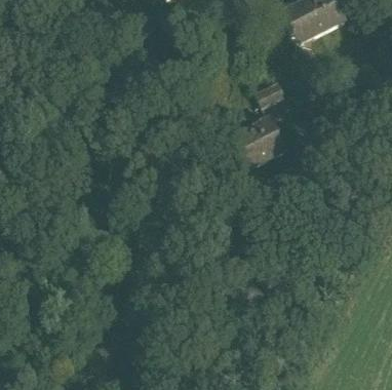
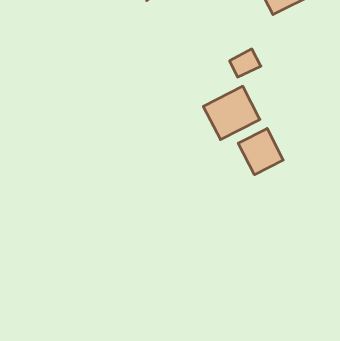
building: none -> [238,128,283,175]

